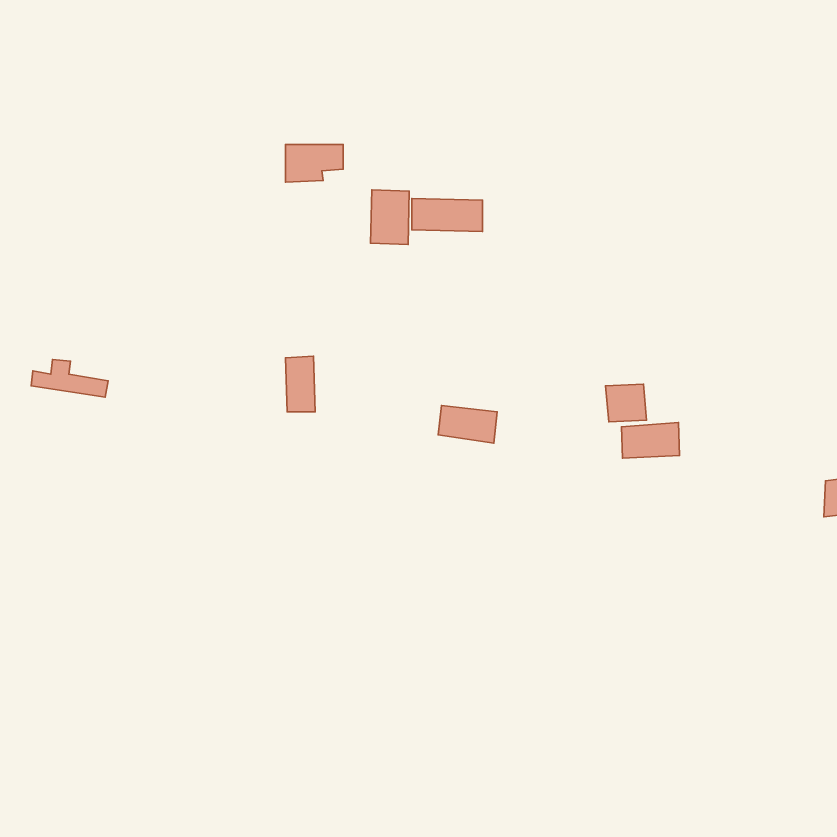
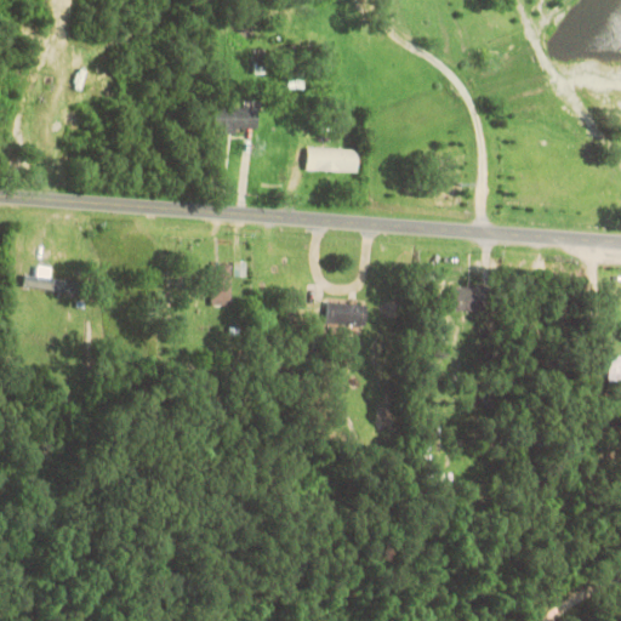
building: [371,190,409,244] -> none
building: [621,422,679,458] -> none

